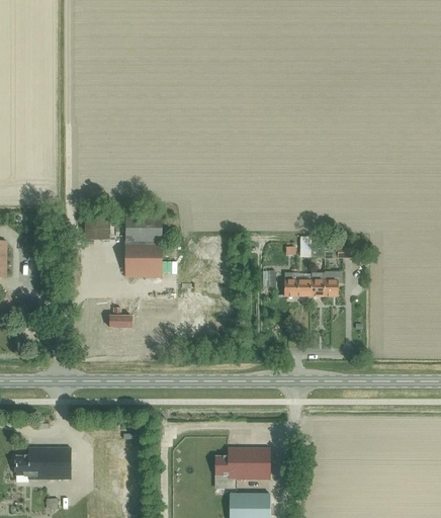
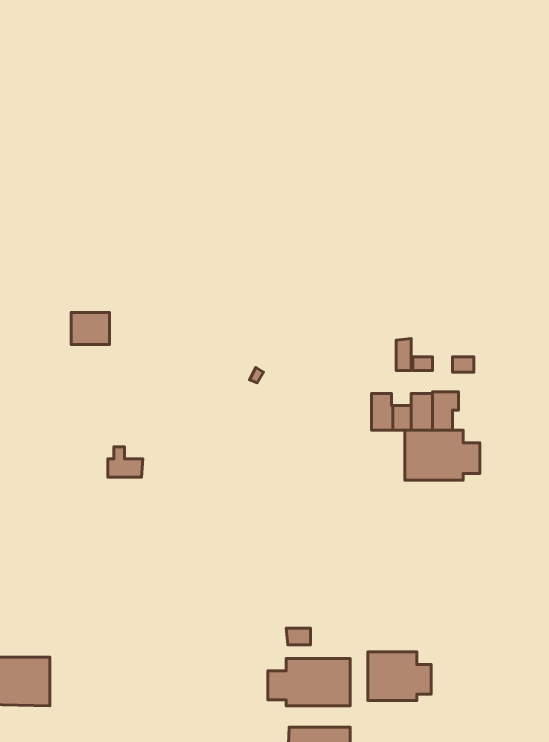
building: [124,215,162,277] -> none
building: none -> [405,430,480,480]
building: none -> [368,652,431,701]

